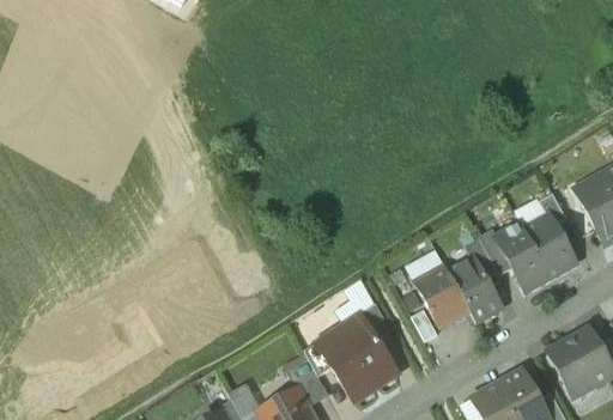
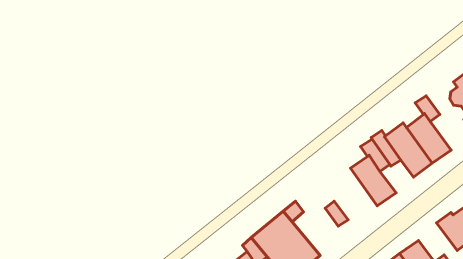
building: [413,263,469,327] -> none

